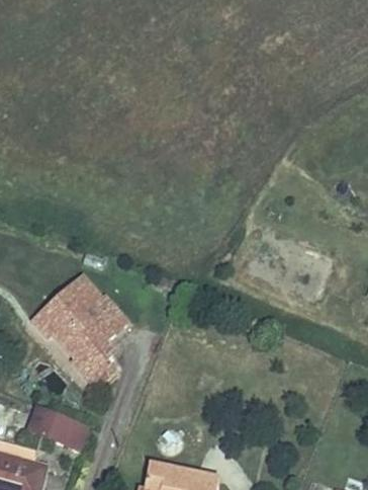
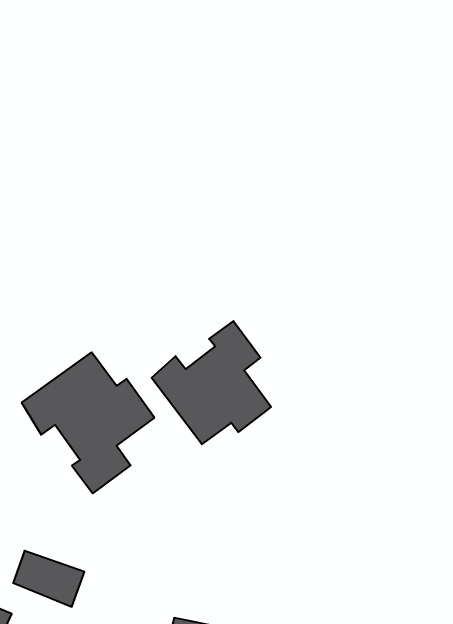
building: none -> [152,321,271,444]

